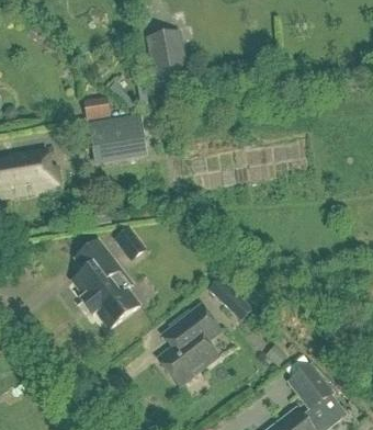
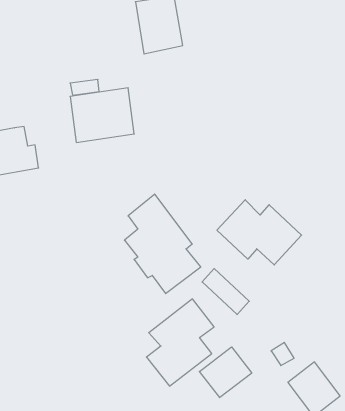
building: none -> [217,200,302,265]
building: [71,238,140,328] -> [124,194,201,294]
building: none -> [199,347,252,398]

